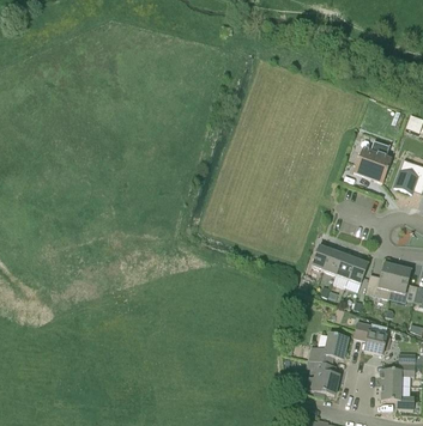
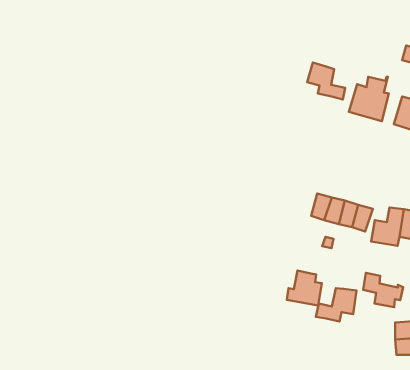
building: none -> [307,62,345,99]
building: [307,360,340,394] -> [287,271,322,305]

